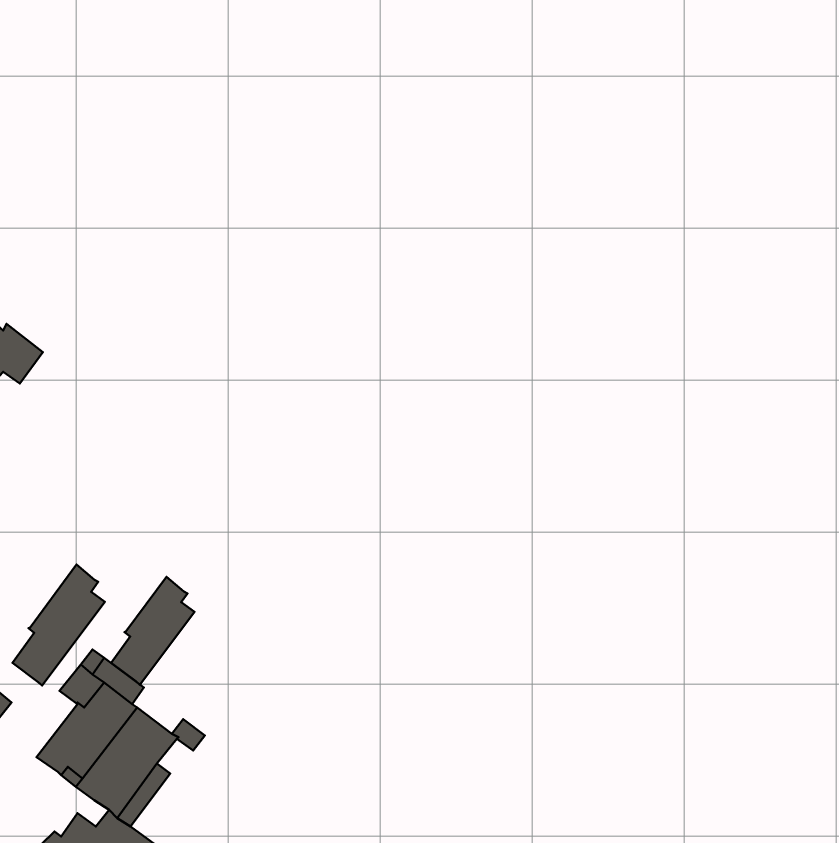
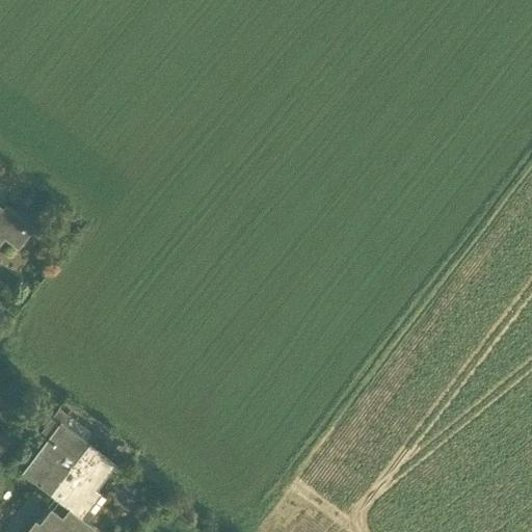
building: [13,565,105,686] -> none
building: [111,577,194,685] -> none

